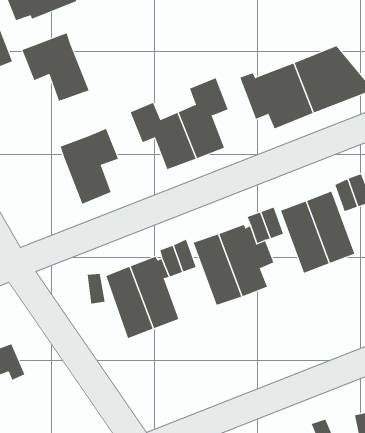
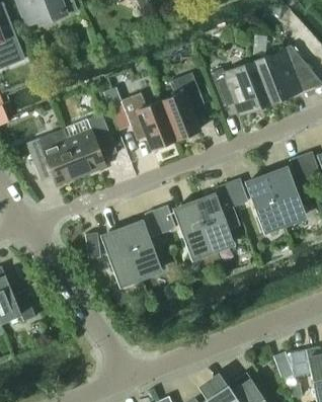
building: [22,33,89,102] -> [26,129,82,185]

